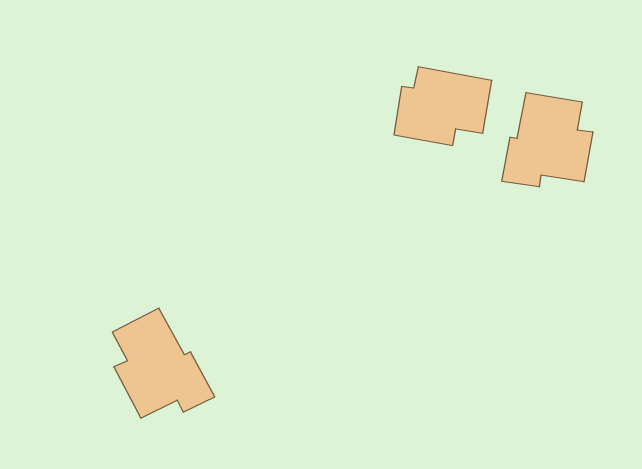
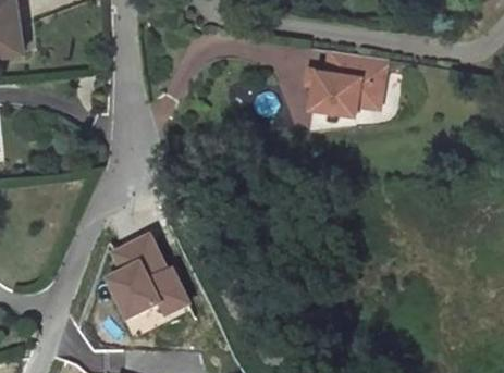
building: [502,92,593,187] -> none

